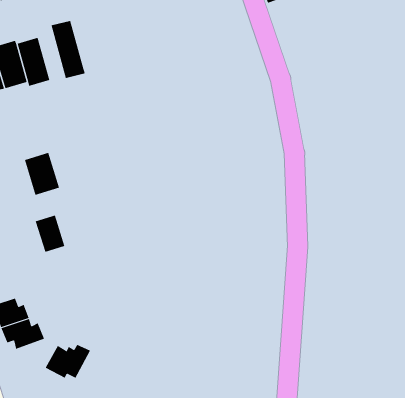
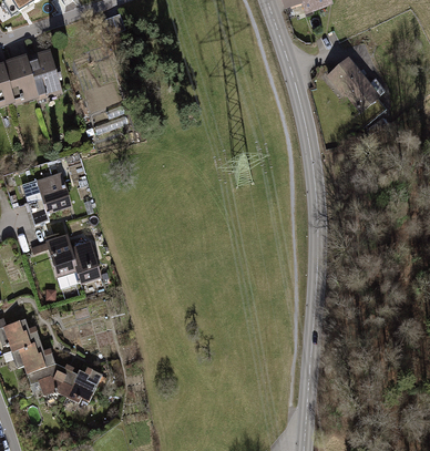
building: [51,20,85,79] -> none
building: none -> [322,51,382,114]
building: none -> [71,242,102,286]
building: none -> [25,361,69,398]

